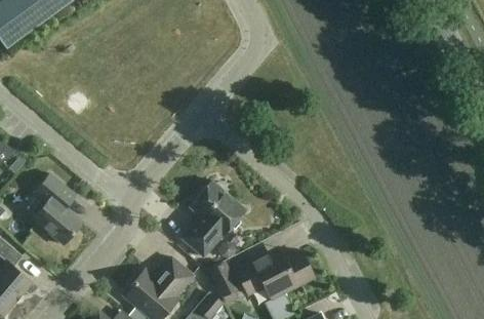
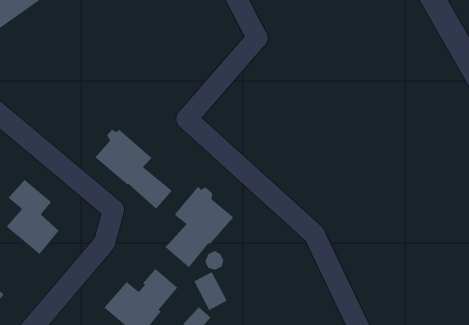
building: none -> [95,128,172,209]
building: [235,250,314,300] -> none

